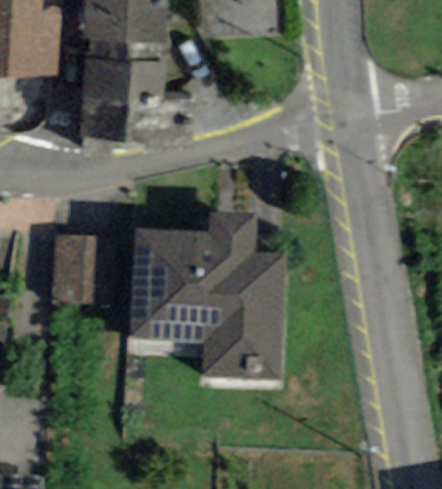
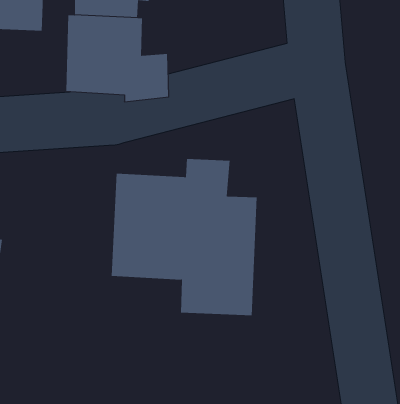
building: [49,236,111,304] -> none

